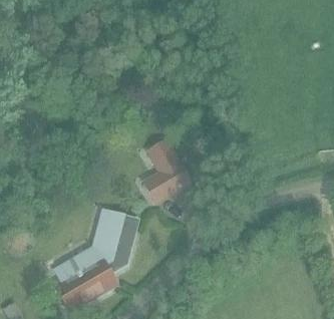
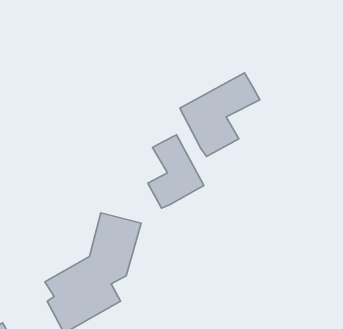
building: none -> [180,73,260,157]

